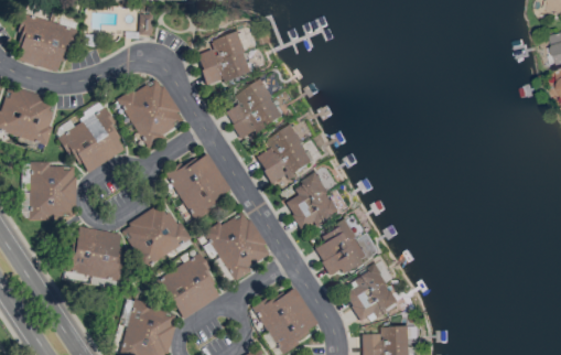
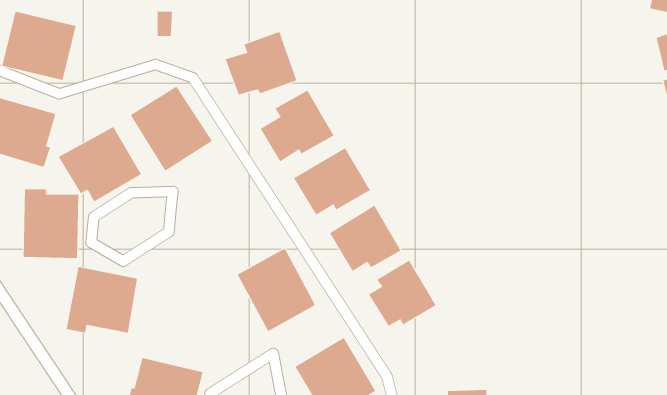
building: [166,150,231,217] -> none
building: [121,202,187,267] -> none
building: [158,255,222,319] -> none
building: [347,263,400,321] -> none

